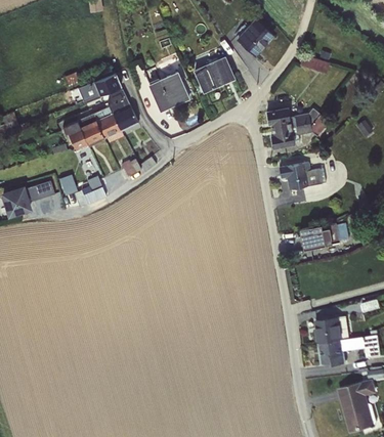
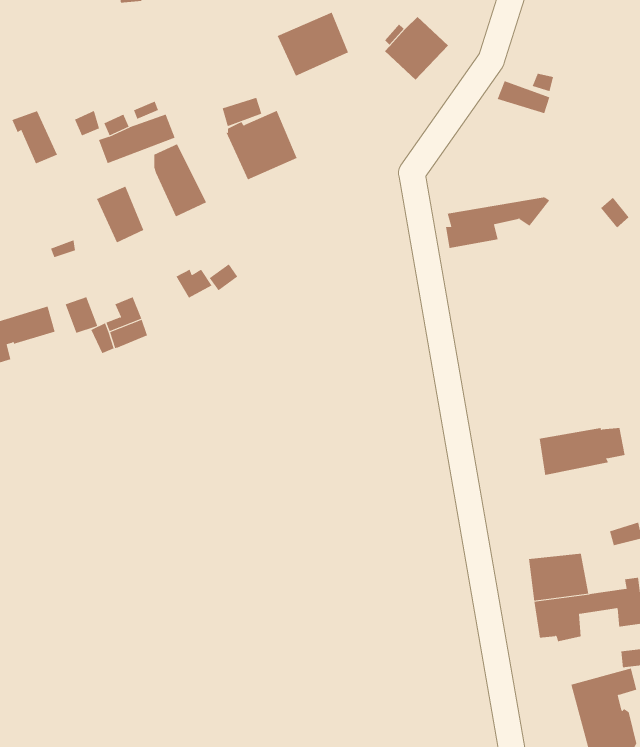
building: [193,56,232,92] -> [277,12,349,77]
building: [92,106,120,138] -> none
building: [265,108,325,129] -> none
building: [61,121,87,150] -> [12,111,58,164]
building: [278,163,325,189] -> none
building: [299,223,347,250] -> [539,427,626,475]

